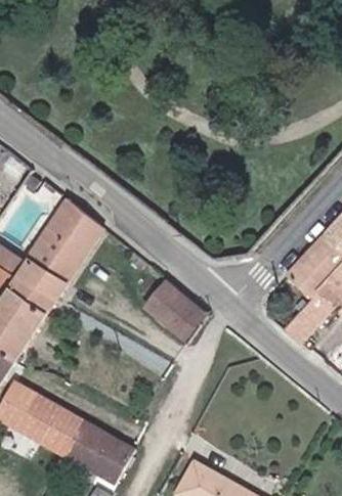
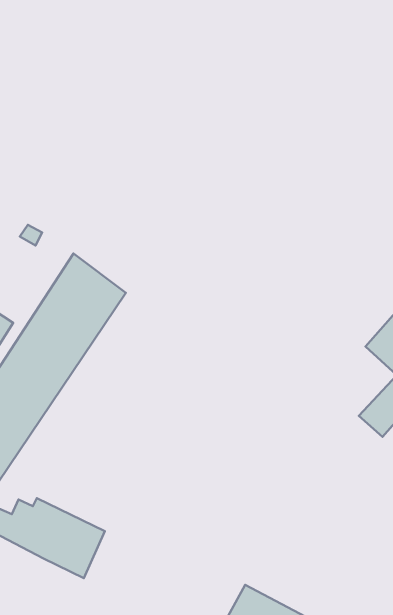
building: [149,282,205,336] -> none
building: [69,418,139,480] -> none

